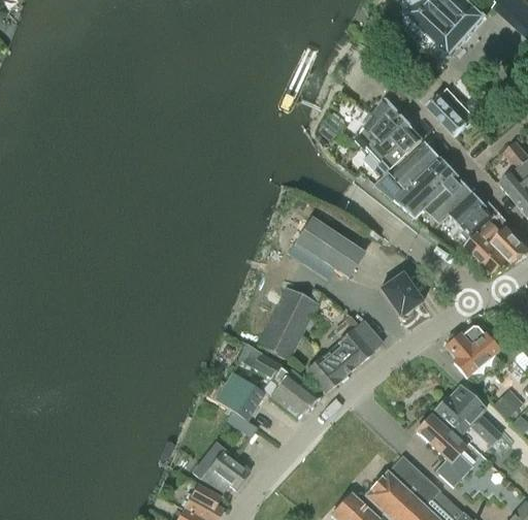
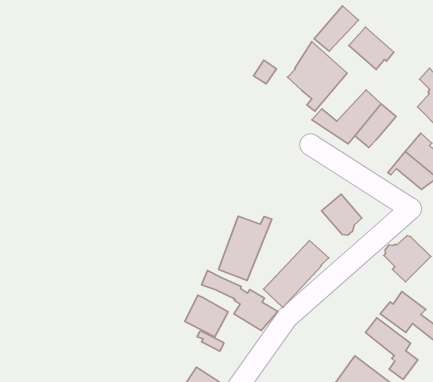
building: [391,140,442,190] -> [314,6,358,51]
building: [449,191,499,242] -> none
building: [289,218,364,280] -> none

